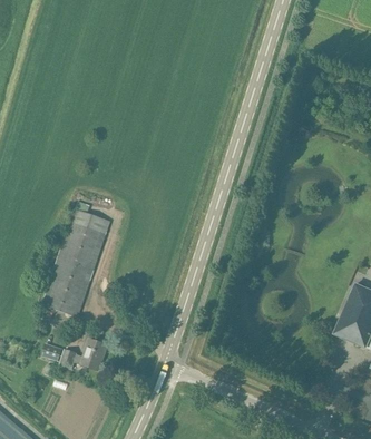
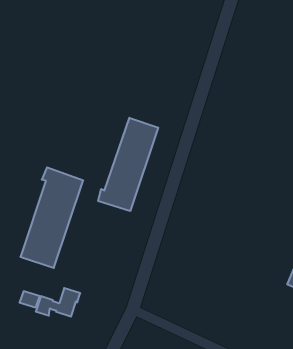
building: none -> [98,118,158,211]

